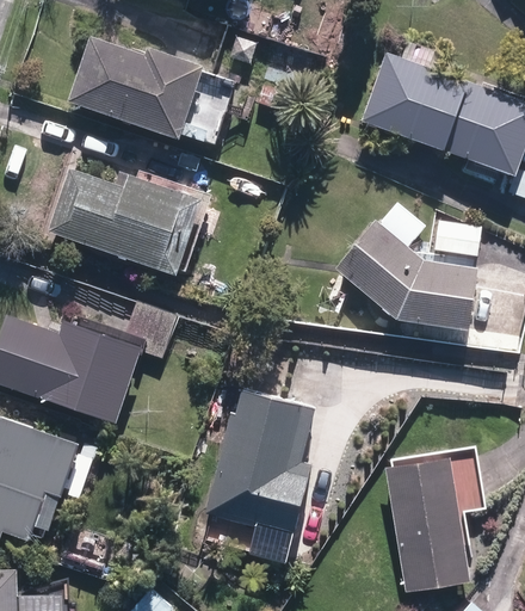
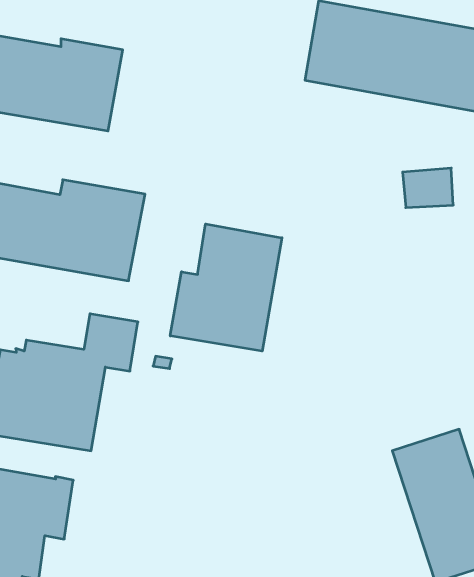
building: [334,218,478,331] -> none
building: none -> [170,224,282,351]
building: [205,389,314,530] -> none

